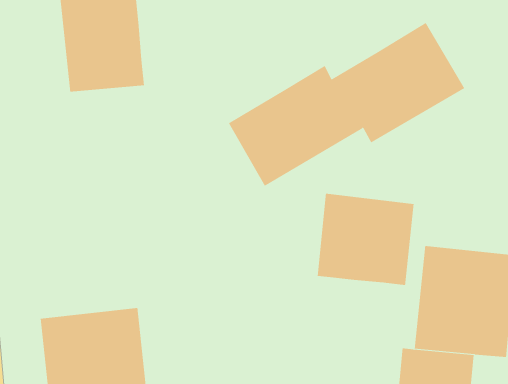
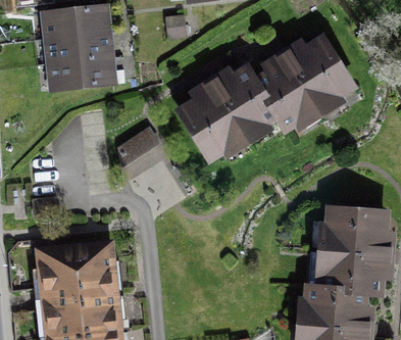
building: none -> [117,127,162,164]
building: [317,193,414,286] -> none

